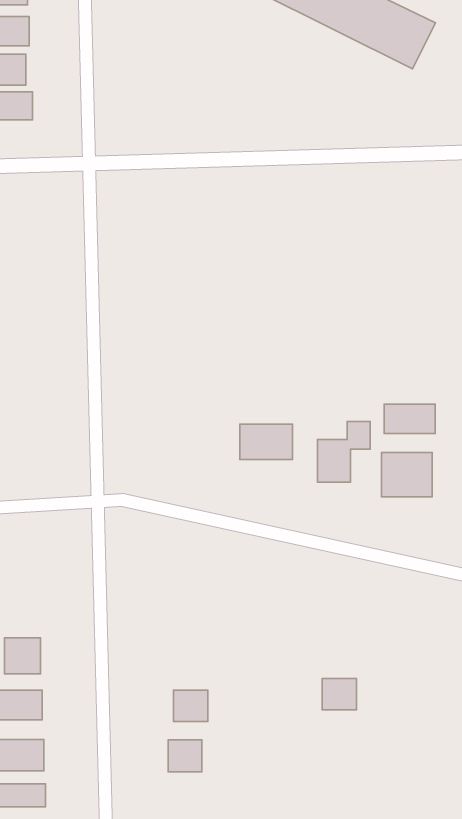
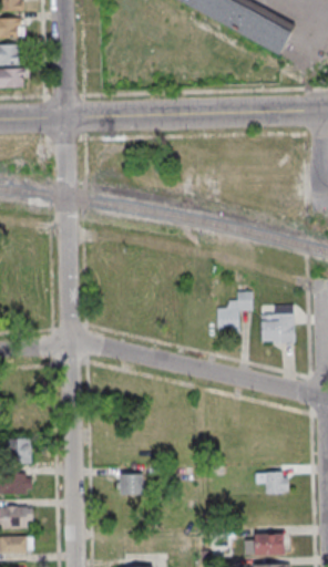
building: [384,404,435,433] -> none
building: [240,424,292,459] -> none
building: [322,679,356,710] -> [265,472,288,493]
building: [168,740,202,772] -> none
building: none -> [249,534,285,554]

